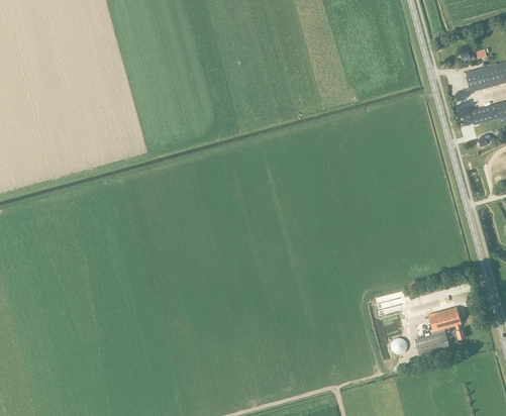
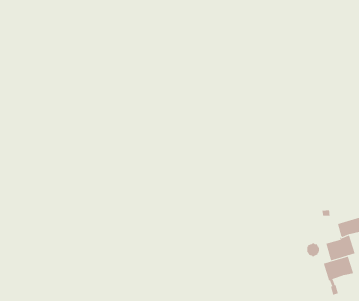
building: none -> [323,256,354,295]

